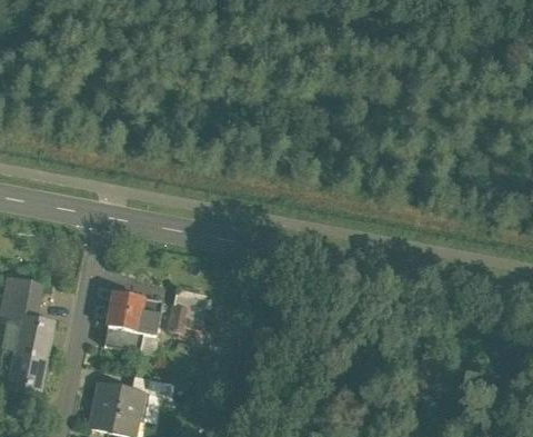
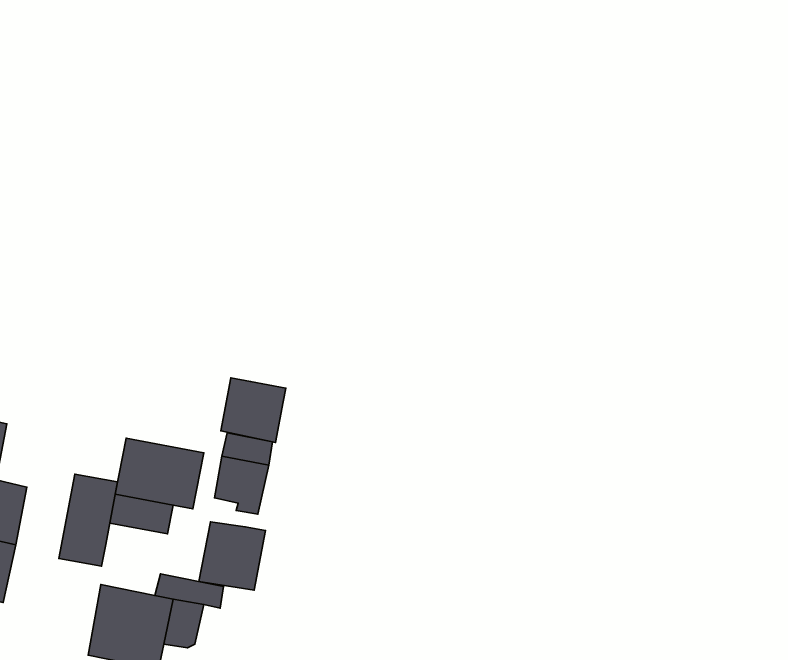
building: none -> [221,378,286,442]
building: none -> [59,474,118,566]
building: none -> [199,522,266,590]

